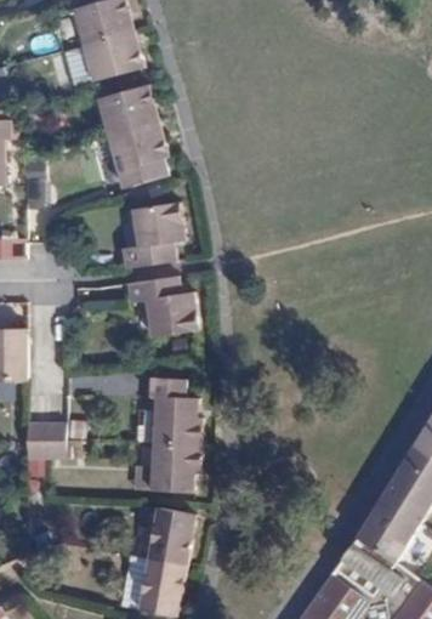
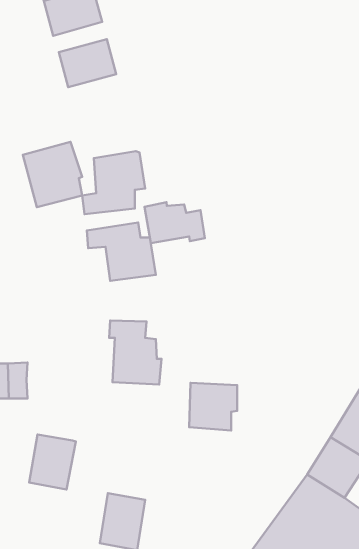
building: [107,121,169,189] -> [23,142,82,207]
building: none -> [144,202,205,243]
building: [152,442,201,492] -> [189,383,237,431]
building: [148,507,197,564] -> [29,435,76,489]

